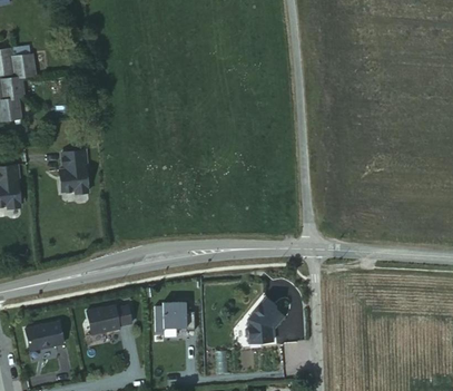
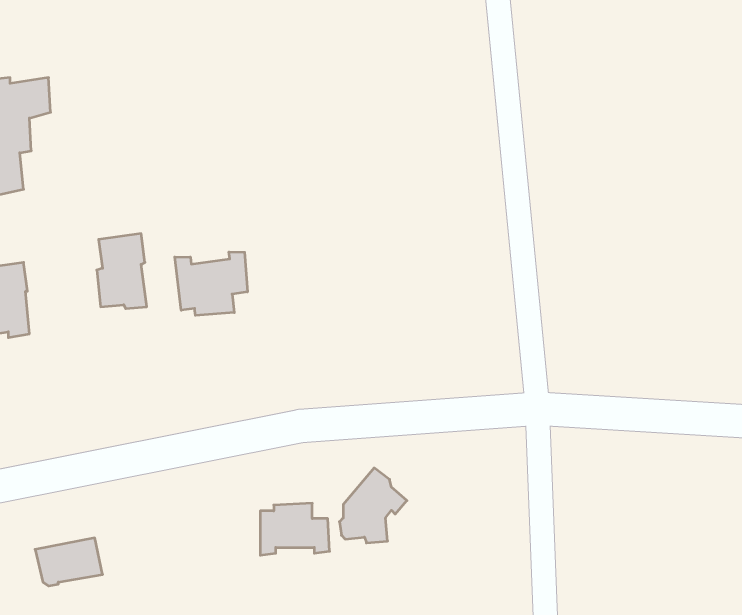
building: none -> [175,252,247,315]
building: [244,296,283,340] -> [339,468,407,543]
building: [87,306,132,335] -> none

